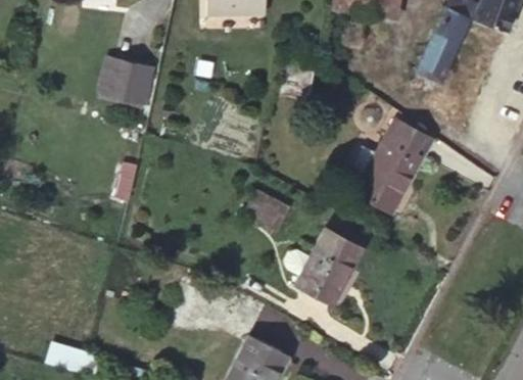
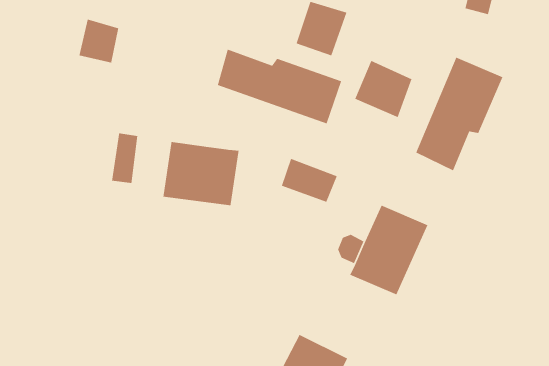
building: none -> [217,49,342,124]
building: none -> [354,60,413,118]
building: none -> [162,141,240,206]

